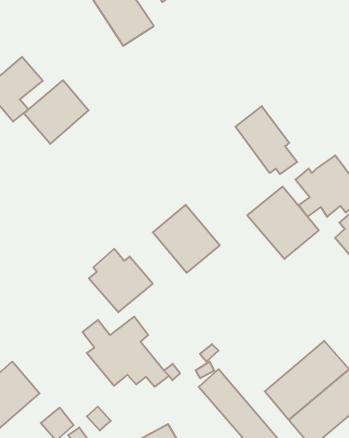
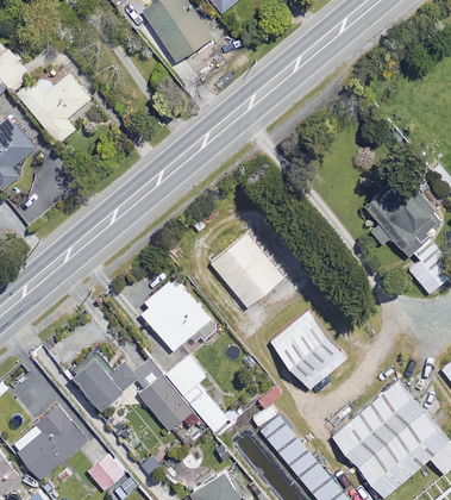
building: [24,80,89,144] -> none
building: [235,106,297,174] -> none
building: [247,187,319,259] -> [268,311,345,389]
building: none -> [73,357,137,408]

